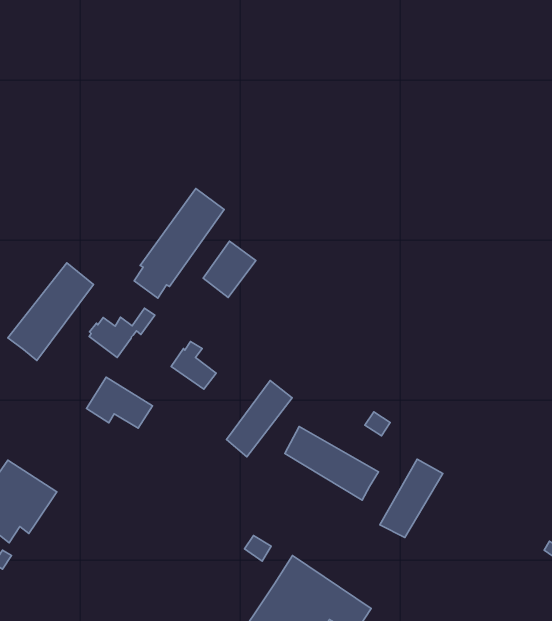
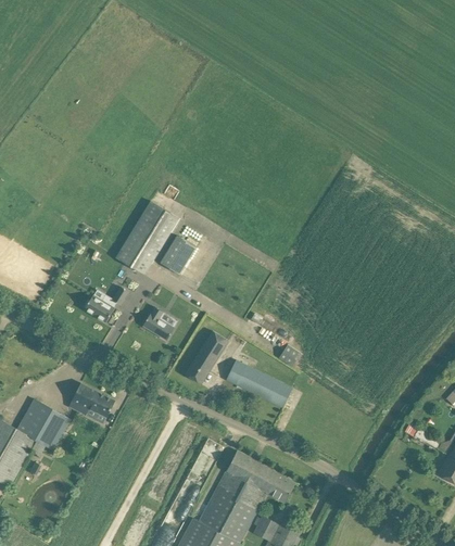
building: [8,263,94,360] -> none
building: [87,377,152,428] -> [68,383,114,417]
building: [380,459,443,538] -> none

